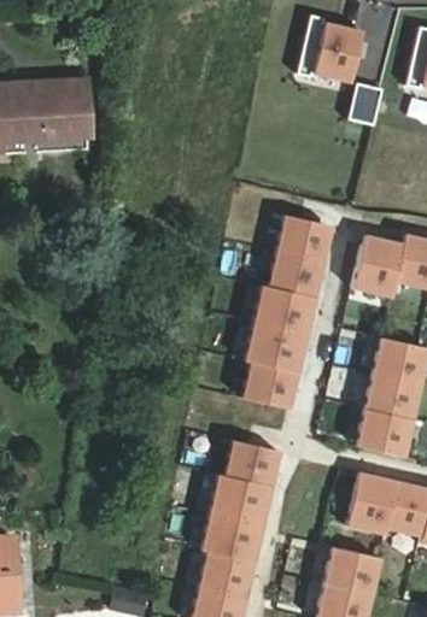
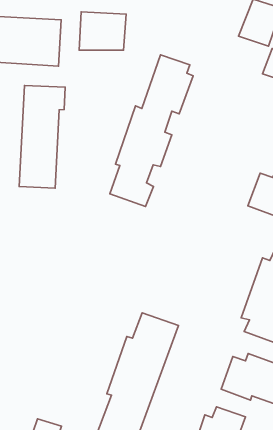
building: none -> [79,12,126,50]
building: none -> [19,85,65,188]
building: [242,215,331,410] -> [110,55,193,207]

